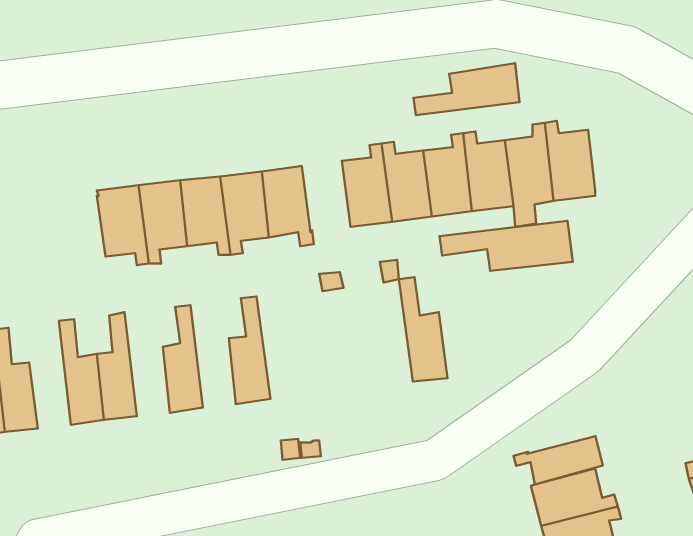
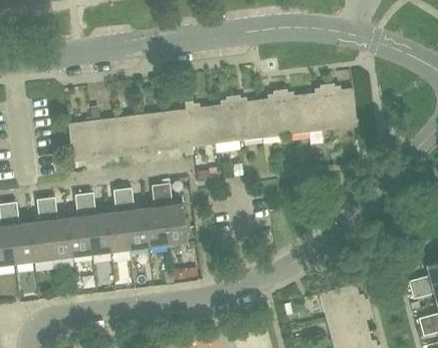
building: [413,63,520,115] -> none
building: none -> [185,101,215,147]
building: [440,221,573,271] -> none
building: [399,277,448,382] -> [161,184,189,244]
building: none -> [123,189,149,249]
building: none -> [84,193,111,254]
building: none -> [29,199,53,261]
building: [513,436,603,484] -> none

